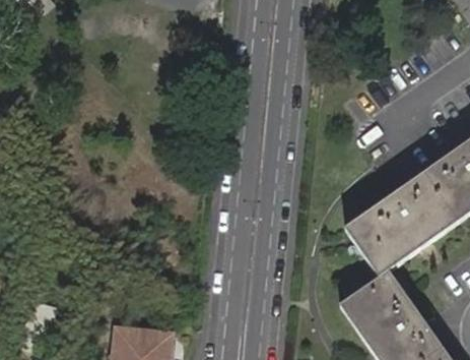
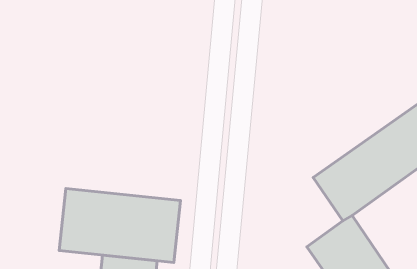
building: none -> [59,189,181,262]

